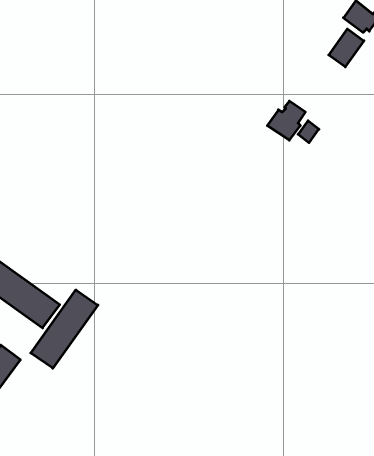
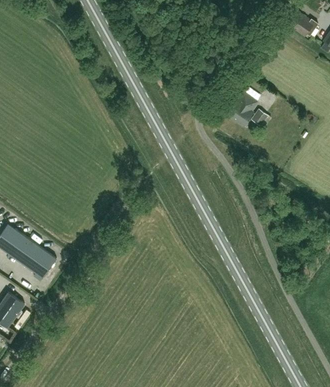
building: [329,29,364,67] -> none
building: [31,290,98,368] -> none

